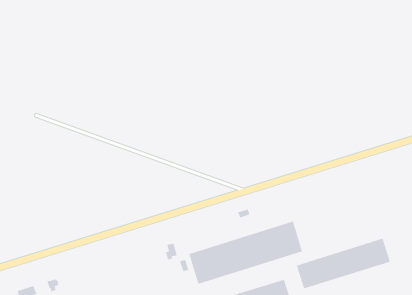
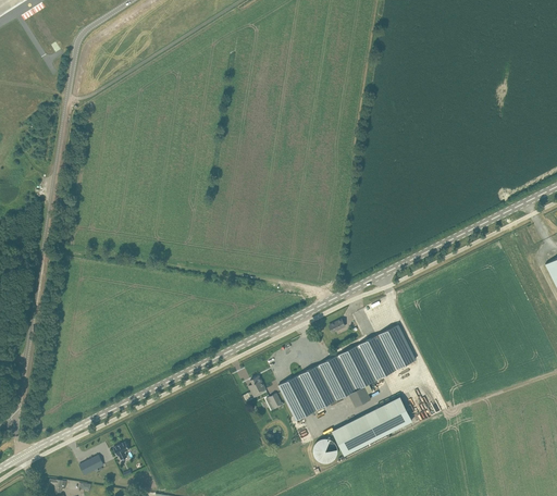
building: [296,238,391,289] -> none

